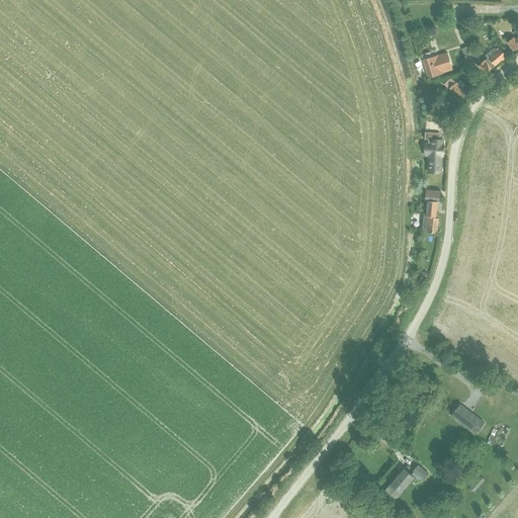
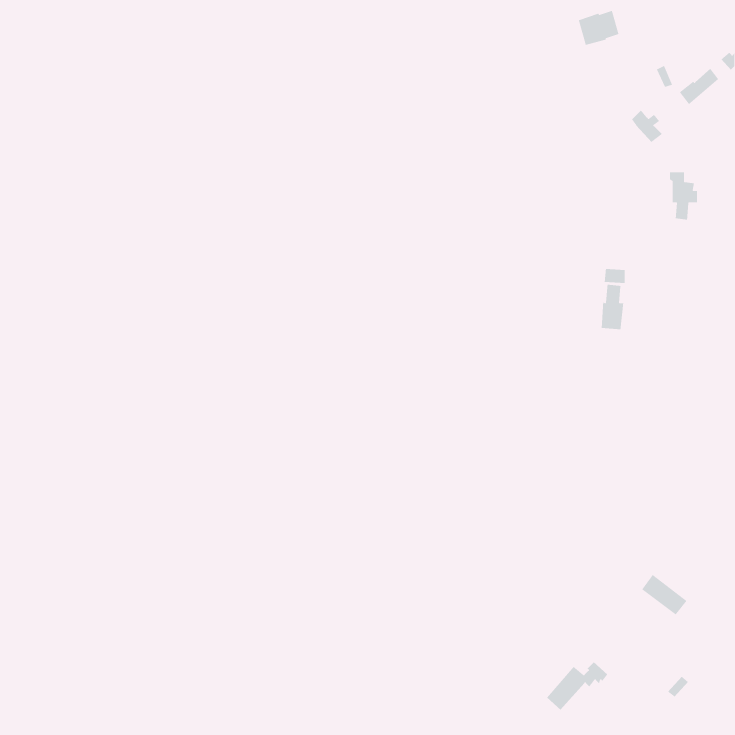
building: [422,52,451,77] -> [578,10,620,46]
building: [422,132,442,166] -> [669,171,698,220]

